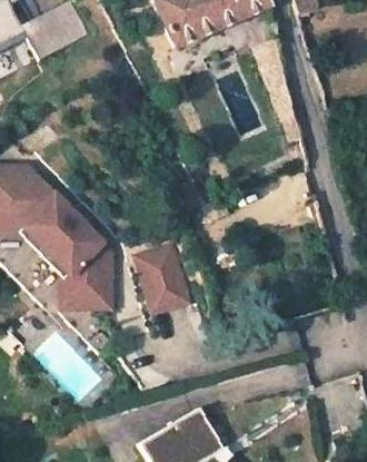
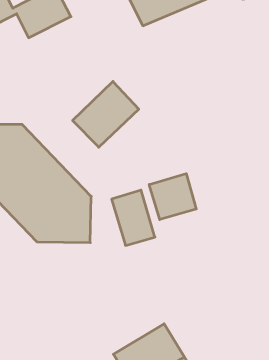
building: none -> [73,81,139,147]
building: none -> [149,174,196,220]

